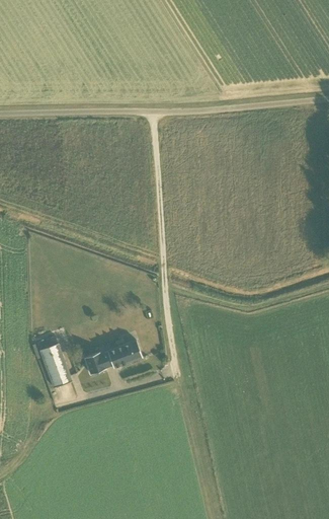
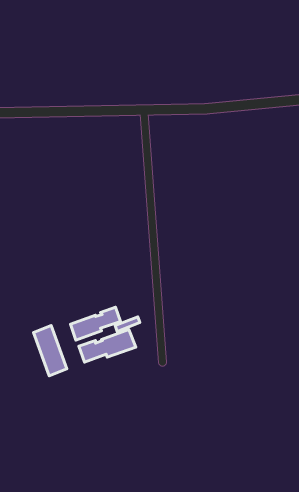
building: none -> [71,307,120,340]

